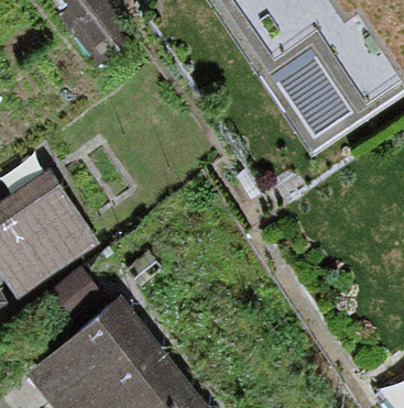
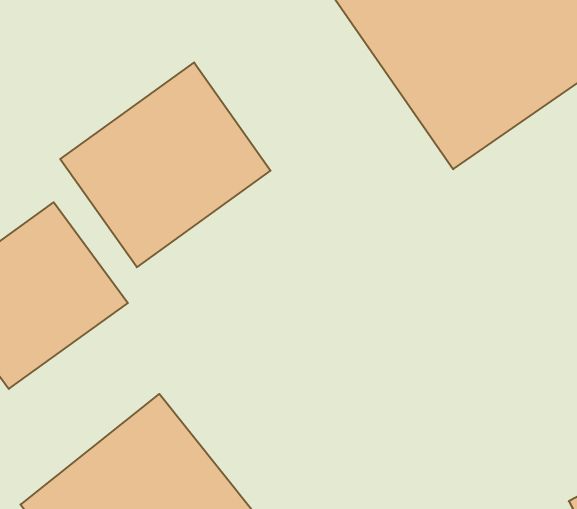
building: none -> [60,62,271,267]

